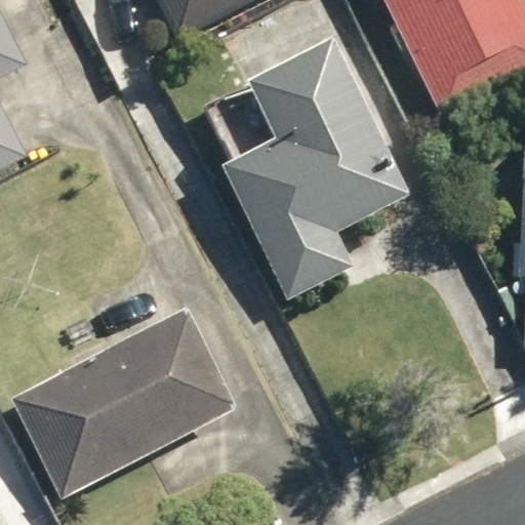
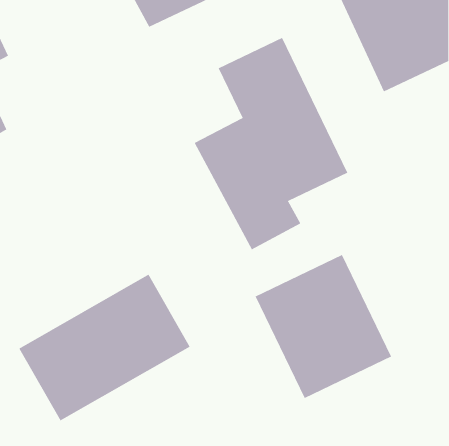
building: none -> [255,254,392,399]

